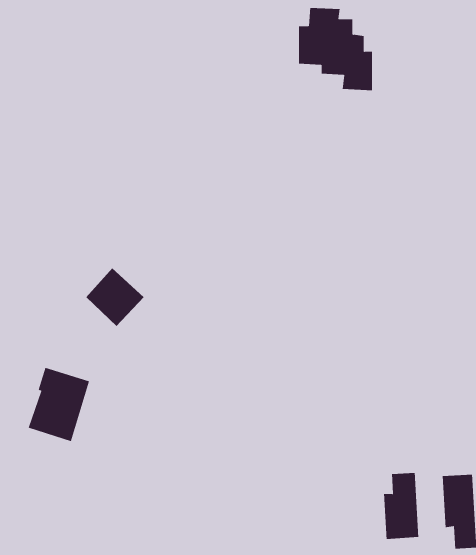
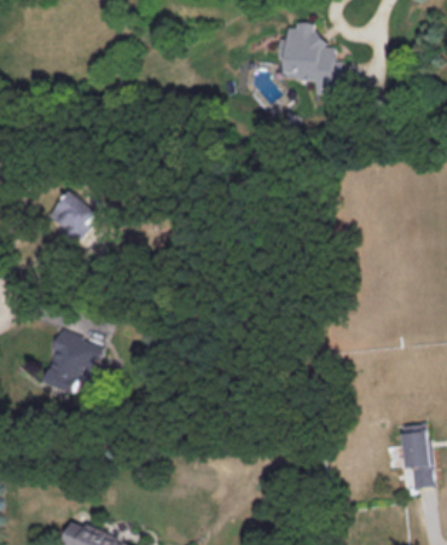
building: [85,268,145,327] -> [46,190,97,240]
building: [383,472,419,540] -> none

